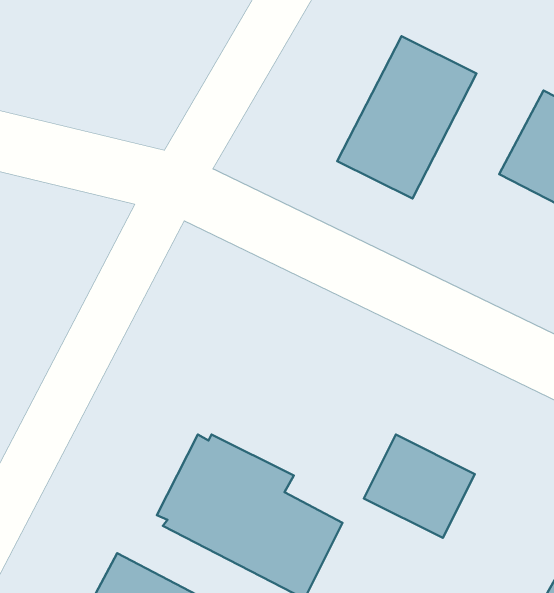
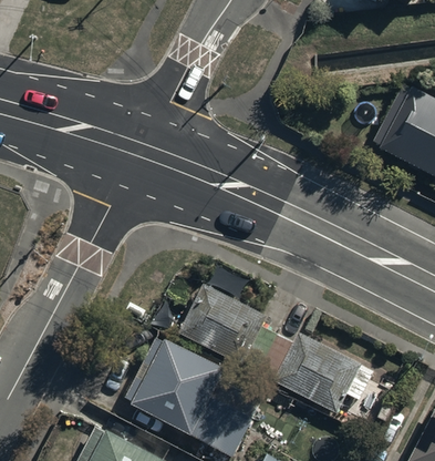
building: [337,36,477,199] -> none
building: none -> [180,287,266,367]

